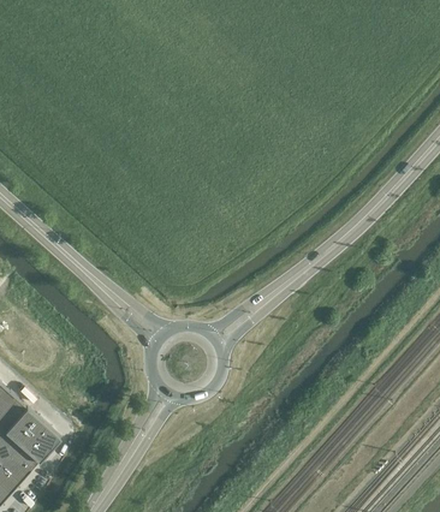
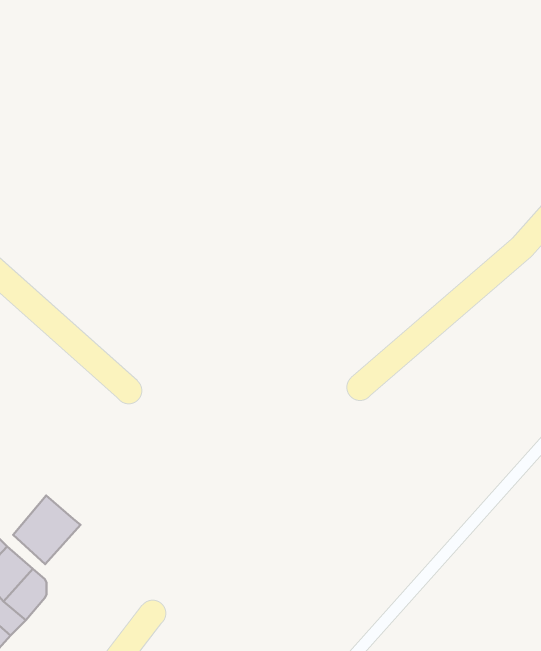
building: none -> [13,495,80,564]

